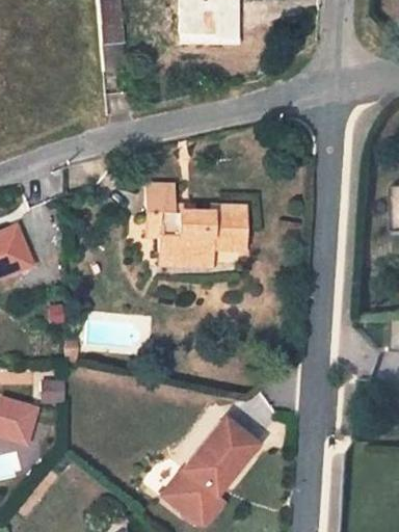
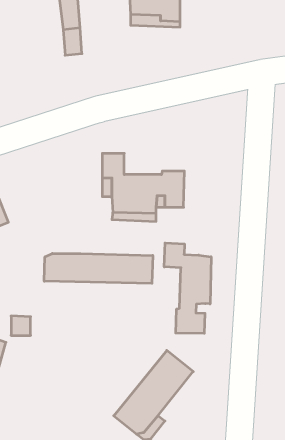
building: none -> [164,243,211,333]
building: none -> [44,253,153,283]

